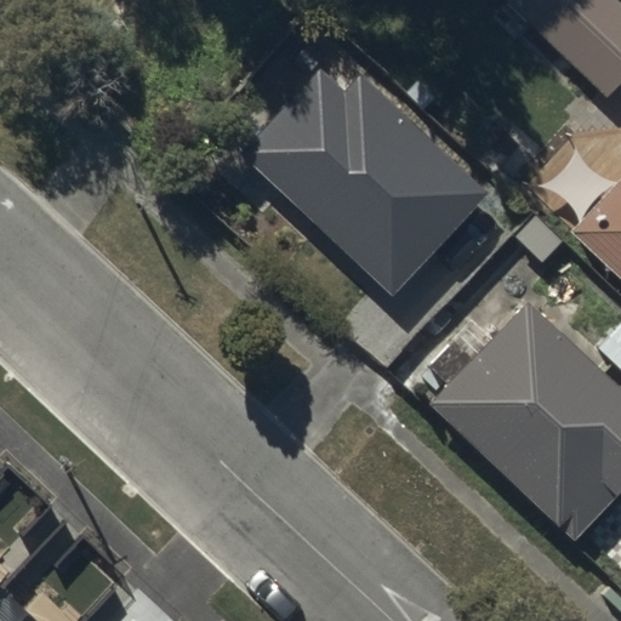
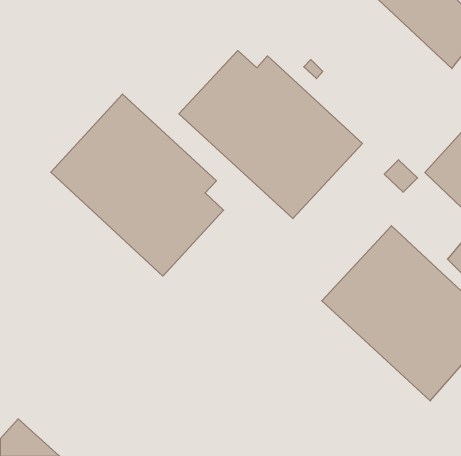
building: none -> [51,94,224,276]

